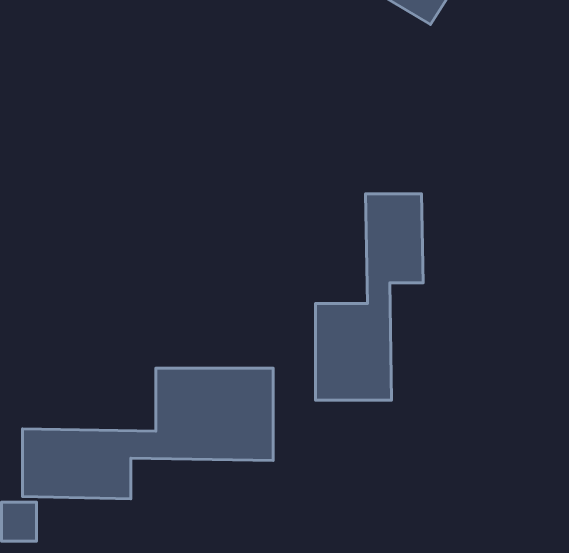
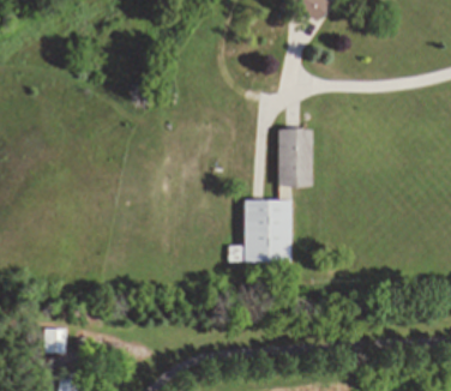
building: [22,368,273,499] -> none

